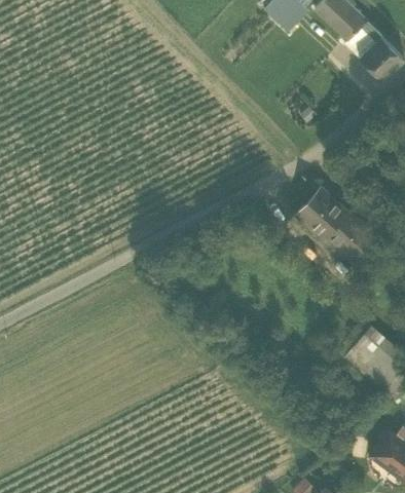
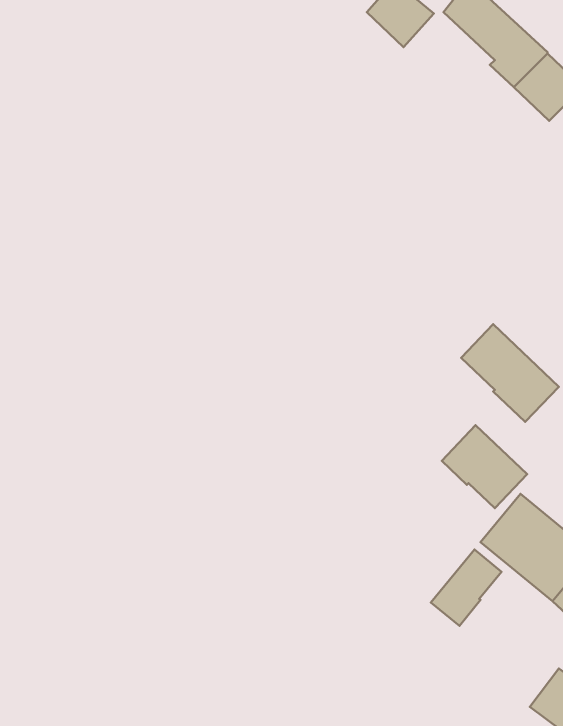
building: [295,184,345,235] -> none
building: none -> [442,425,527,508]
building: none -> [431,550,501,626]

